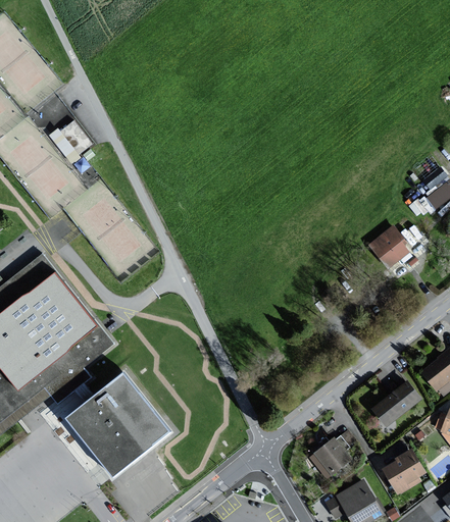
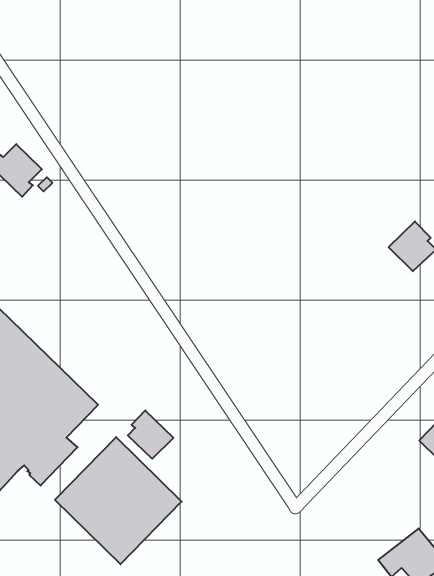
building: none -> [128,410,173,459]
building: [314,437,350,473] -> none

